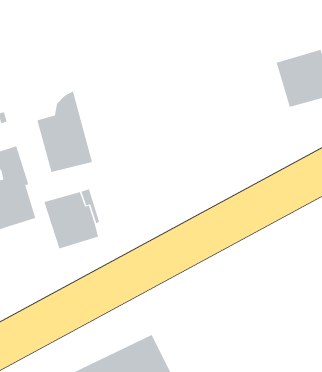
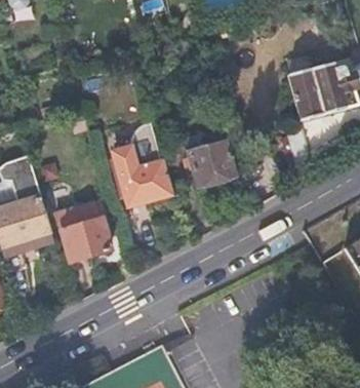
building: [37,90,93,173] -> [114,123,170,205]
building: none -> [189,143,236,187]

